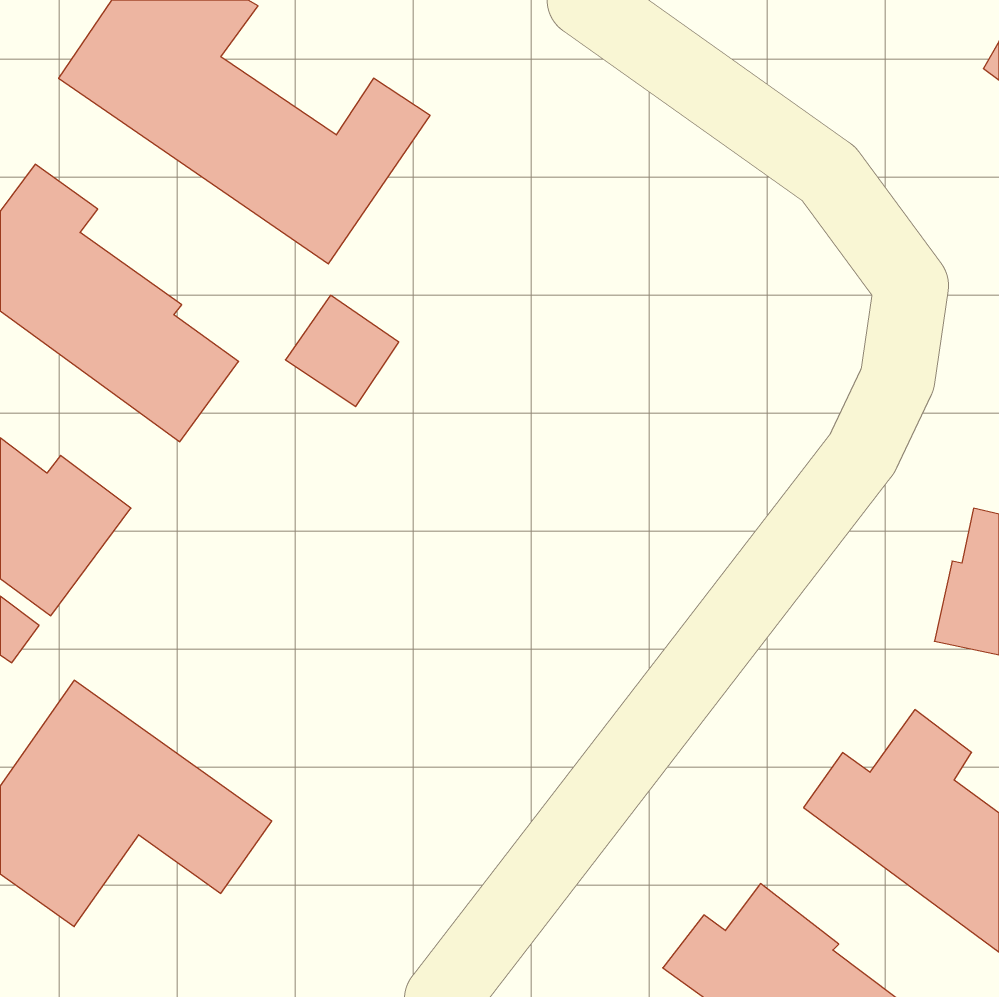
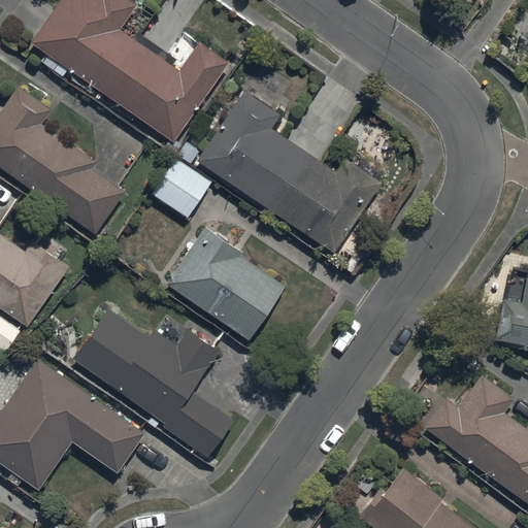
building: none -> [196,97,380,260]
building: none -> [164,226,285,340]
building: none -> [72,308,234,458]

